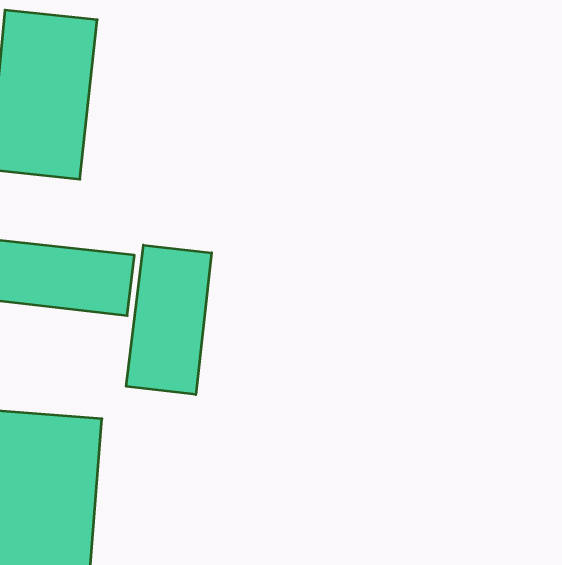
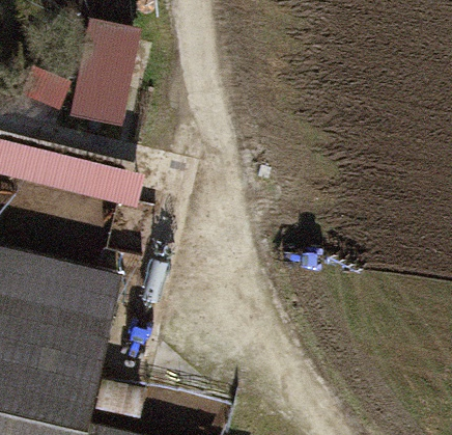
building: [126,245,212,395] -> none

